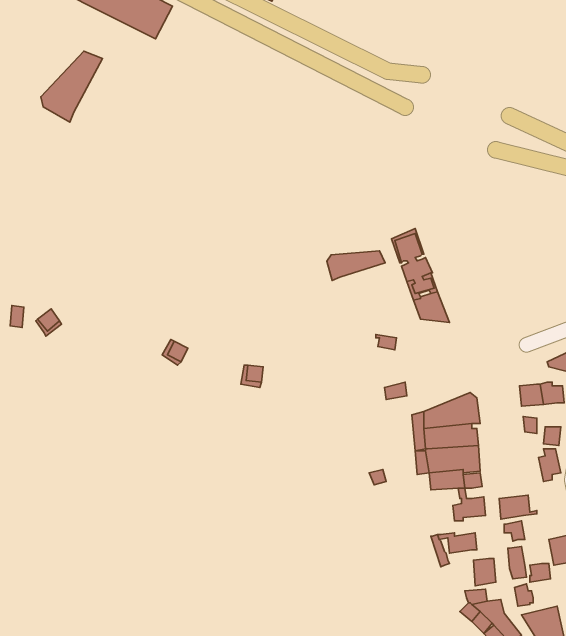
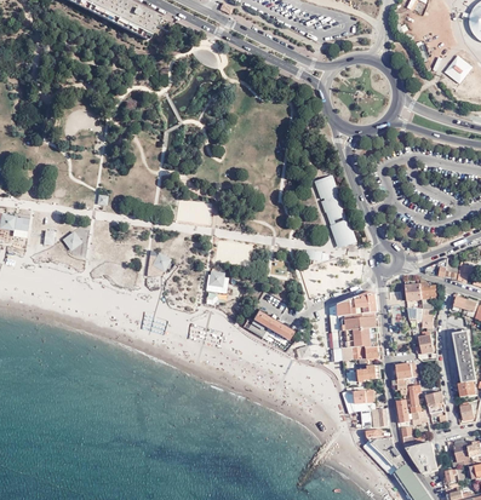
building: [41,51,103,122] -> none
building: [327,251,385,280] -> none
building: none -> [244,311,292,340]

